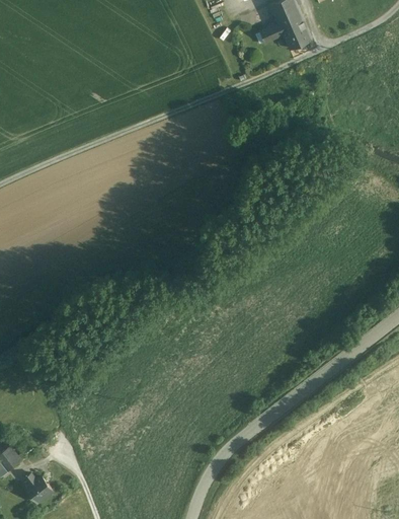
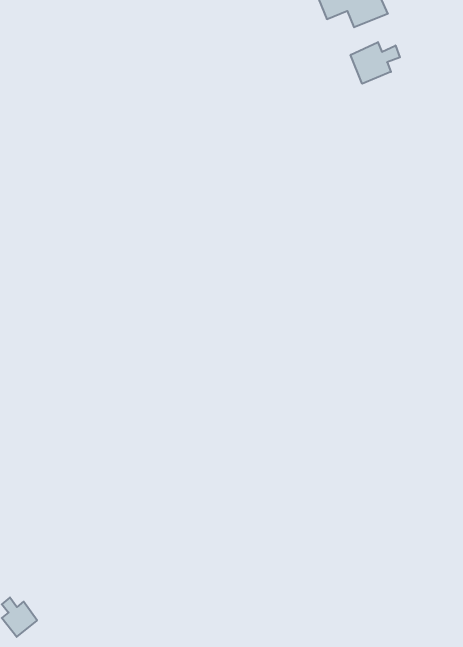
building: none -> [351,42,400,84]

